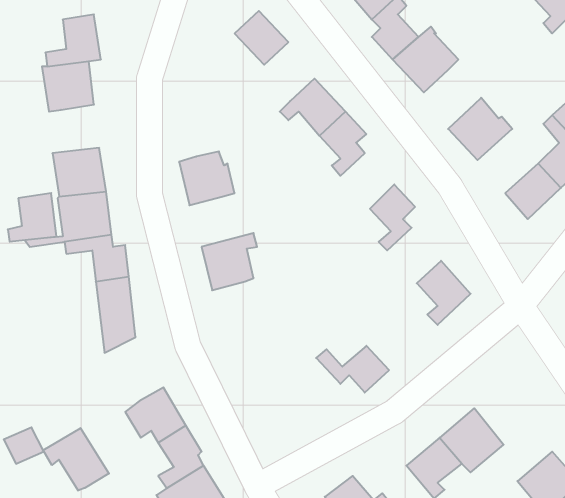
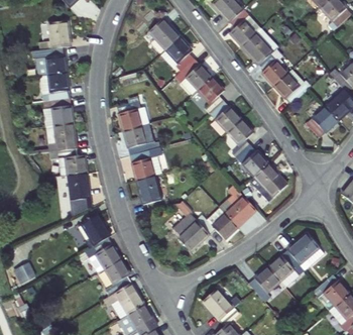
building: none -> [160,36,195,71]
building: none -> [258,52,287,87]
building: none -> [210,101,241,133]
building: [8,193,56,242] -> [41,73,70,101]
building: none -> [122,126,159,155]
building: none -> [237,144,268,177]
building: none -> [135,176,161,206]
building: none -> [225,186,256,227]
building: none -> [178,209,210,252]
building: none -> [80,214,110,245]
building: none -> [287,232,325,270]
building: [43,428,109,491] -> none

